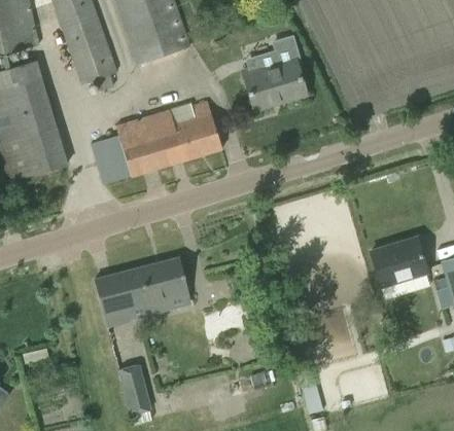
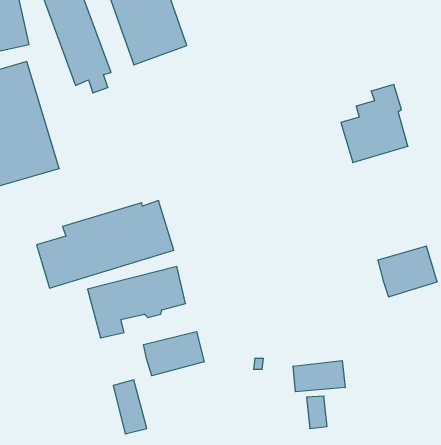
building: [243,35,307,109] -> [341,85,408,162]
building: [92,101,222,184] -> [37,201,174,288]
building: none -> [144,332,204,376]
building: none -> [293,361,345,392]

